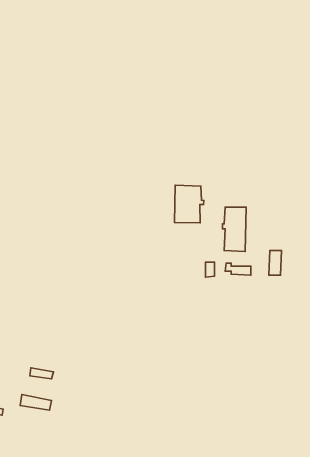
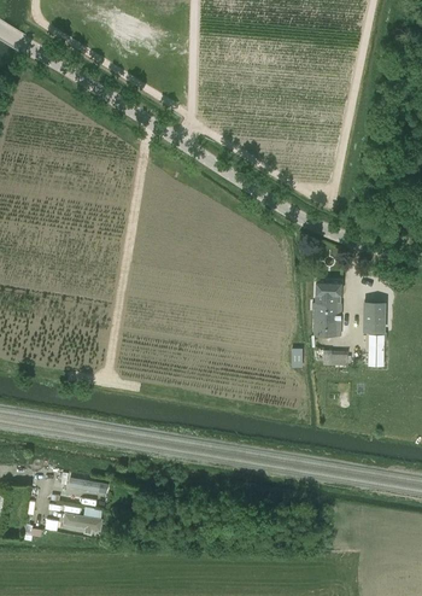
building: [174,185,204,223] -> none
building: none -> [363,303,386,332]

